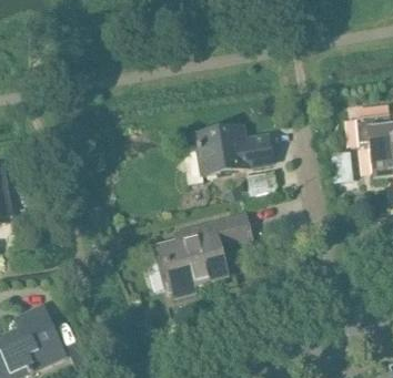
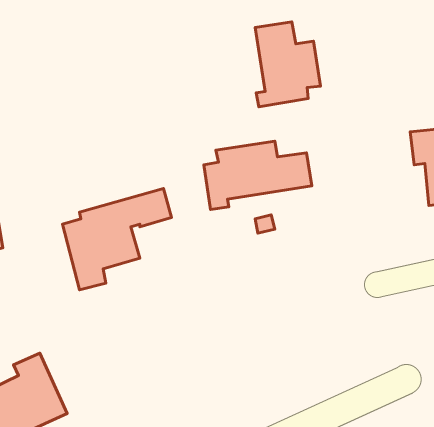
building: none -> [255,22,320,107]
building: [159,212,251,297] -> [62,189,171,290]

